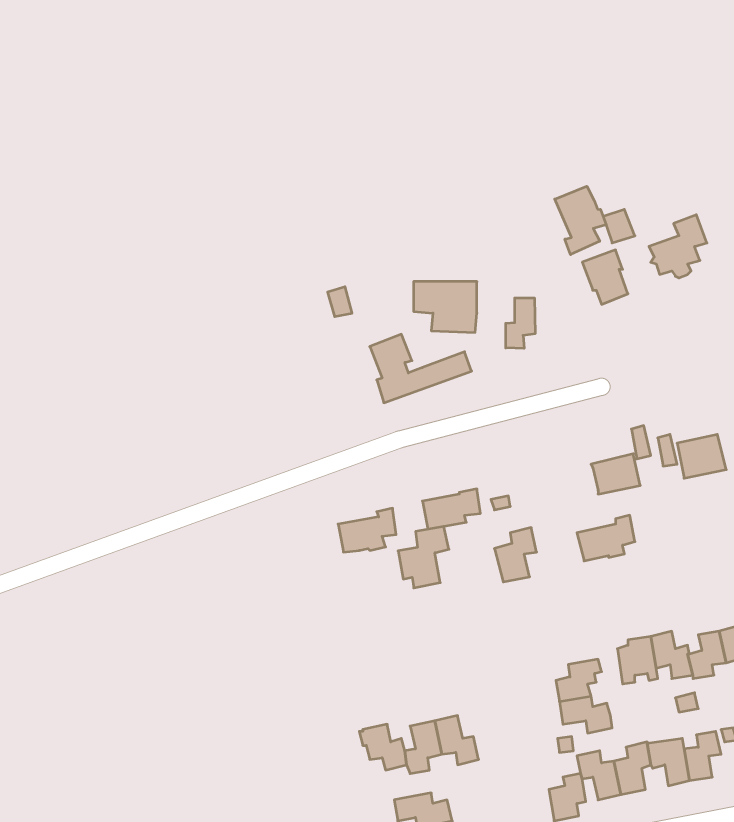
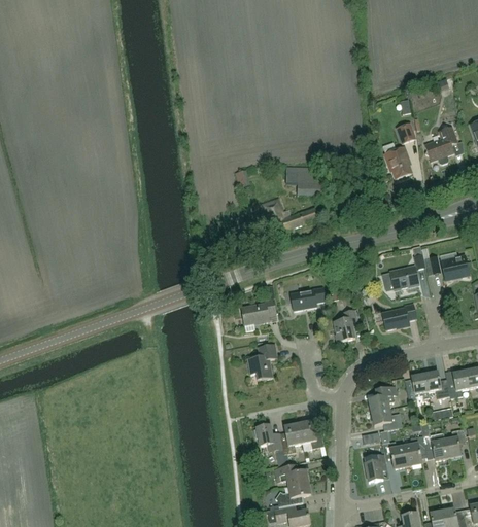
building: [555,186,606,255] -> none
building: [506,298,535,348] -> none
building: [398,526,449,588] -> [247,344,277,380]

